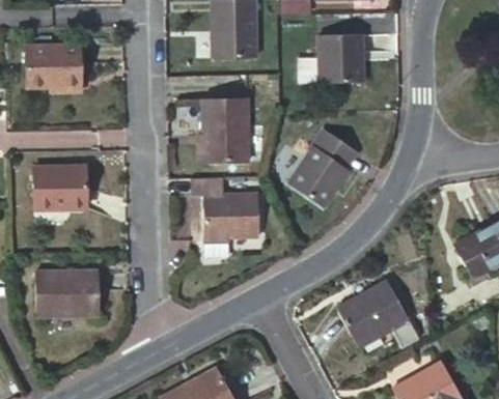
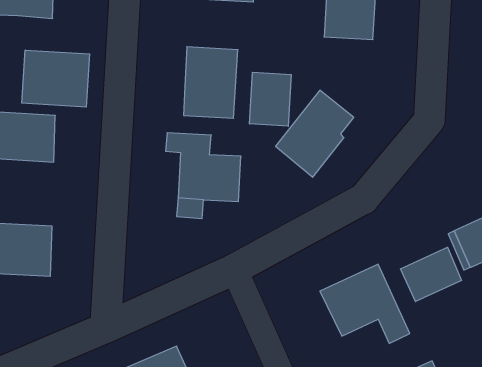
building: none -> [22,50,89,107]
building: none -> [250,72,291,126]
building: none -> [401,247,462,302]

